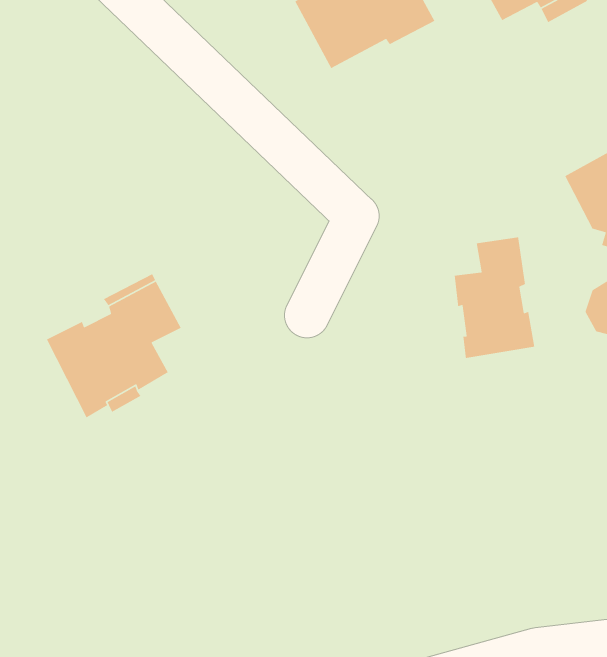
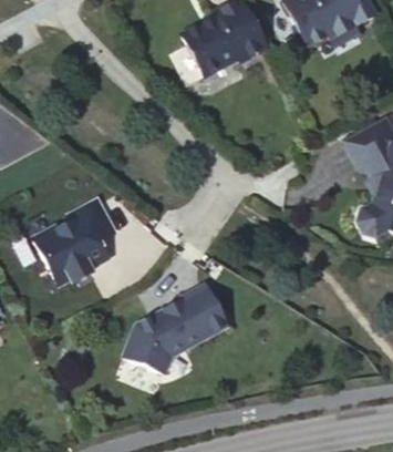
building: [454,237,535,359] -> none
building: none -> [122,284,226,372]

